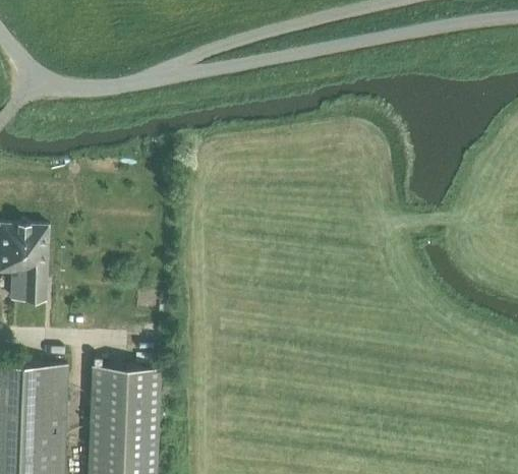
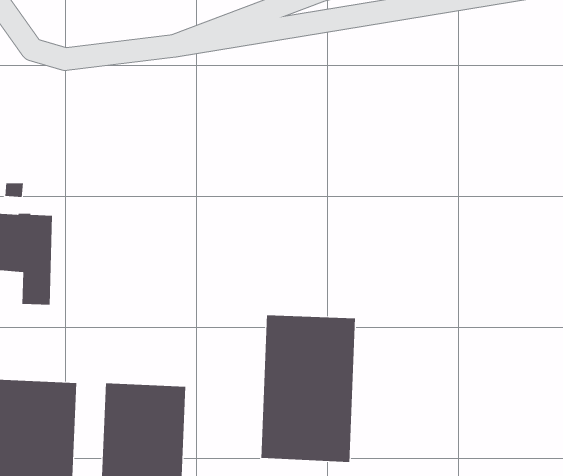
building: none -> [261,314,356,463]

